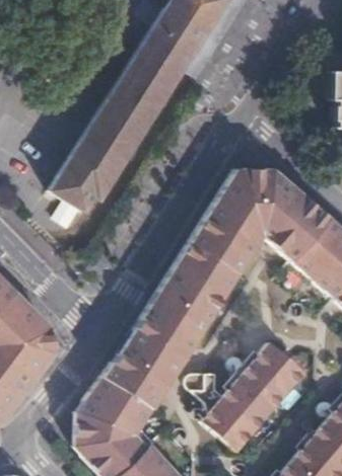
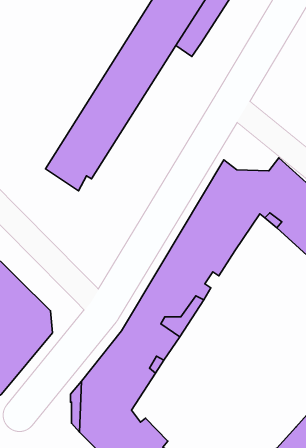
building: [228,167,284,191] -> none
building: [185,344,301,451] -> none

